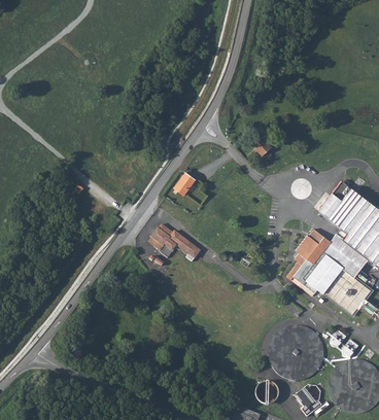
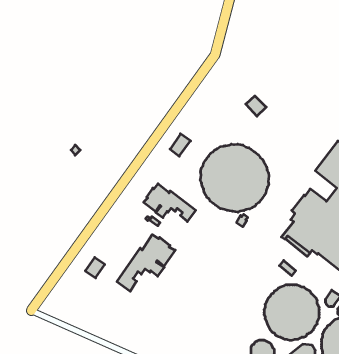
building: none -> [200,144,269,212]
building: none -> [117,235,175,291]

